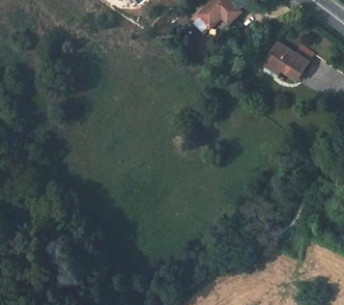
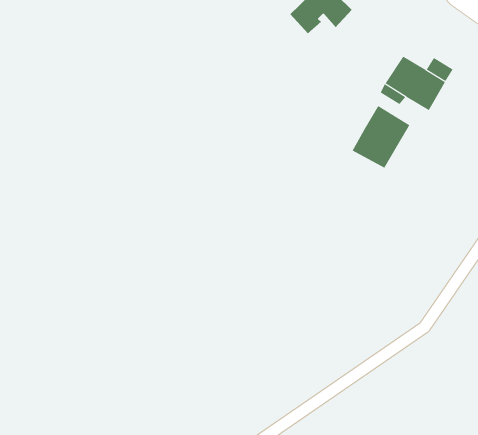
building: none -> [352,105,410,168]

